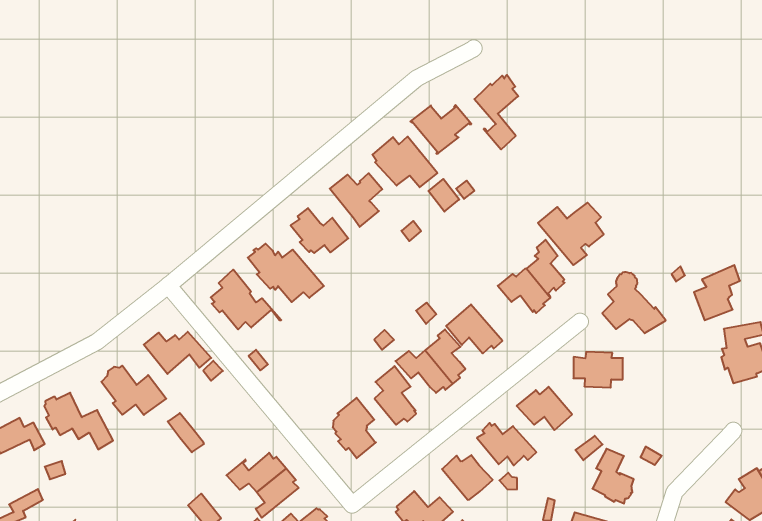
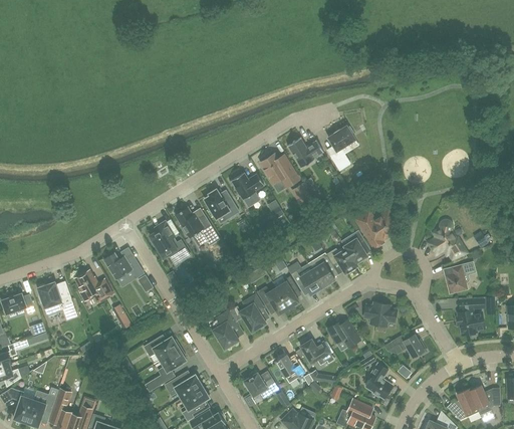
building: [602,272,666,333] -> [428,219,466,258]
building: none -> [307,252,334,287]
building: none -> [391,334,426,357]

